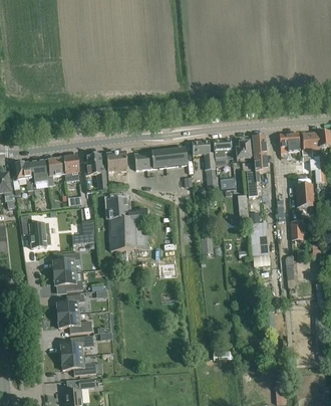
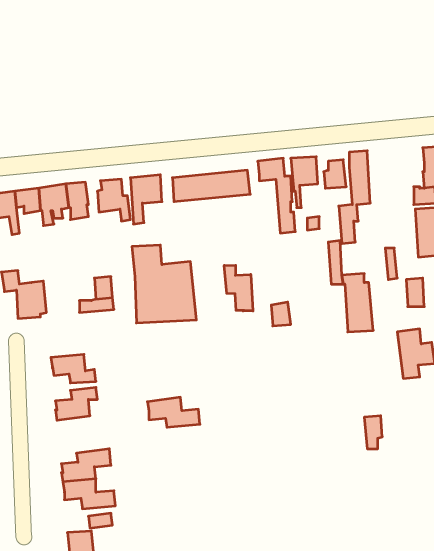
building: [278,132,299,152] -> none
building: none -> [224,265,253,311]
building: [51,251,79,273] -> none
building: [56,313,91,333] -> [147,397,200,427]

